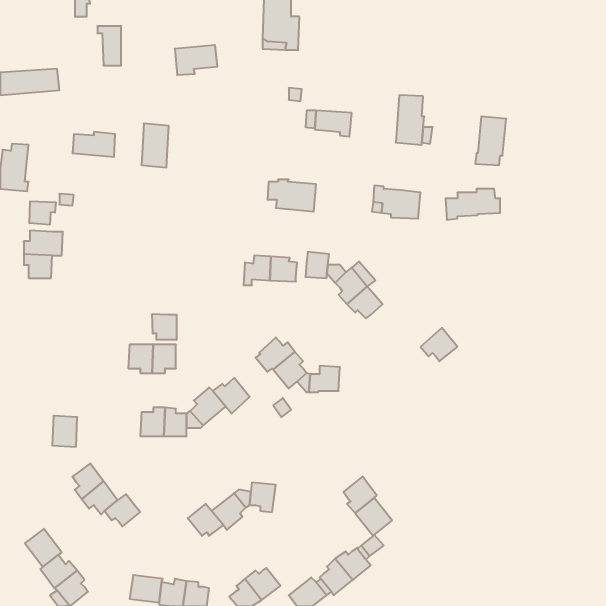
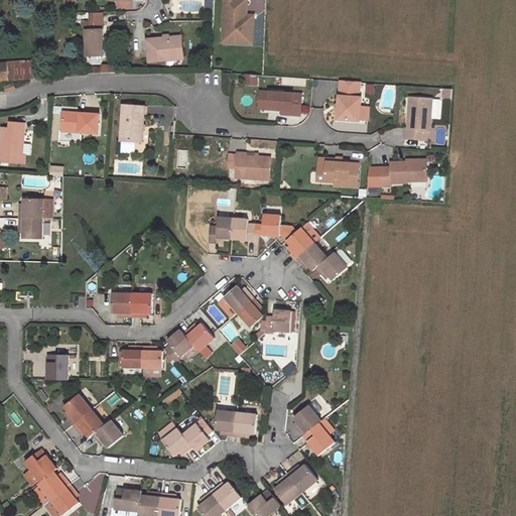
building: [29,201,56,225] -> none
building: [152,314,176,340] -> none
building: [421,328,457,361] -> [315,251,347,279]
building: none -> [232,411,254,435]

